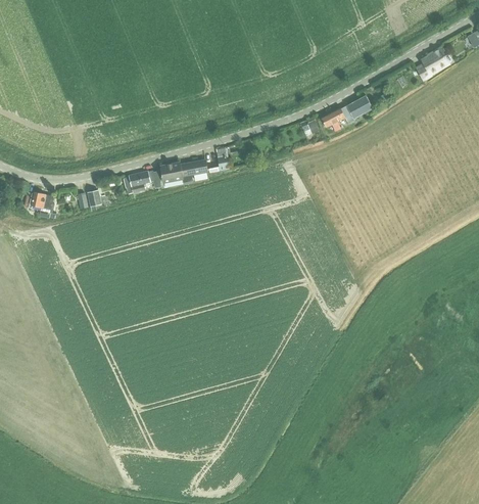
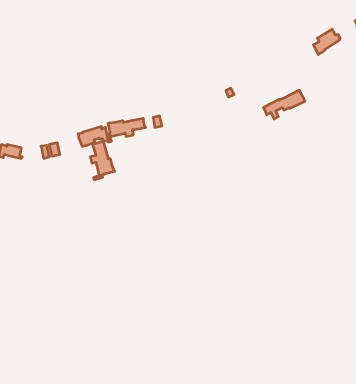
building: [321,95,373,131] -> [263,90,305,119]
building: none -> [90,141,115,180]

